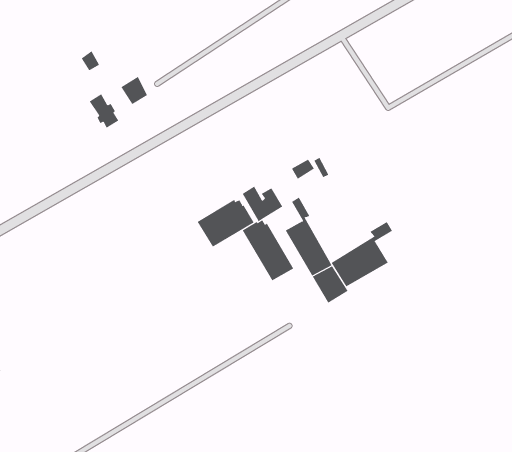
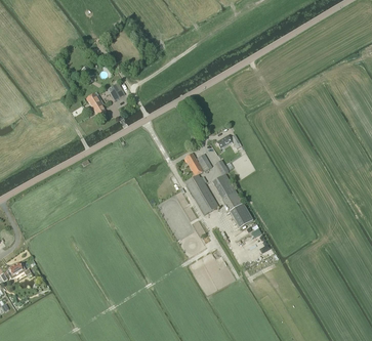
building: [197,199,254,247] -> none
building: [331,221,393,287] -> none

